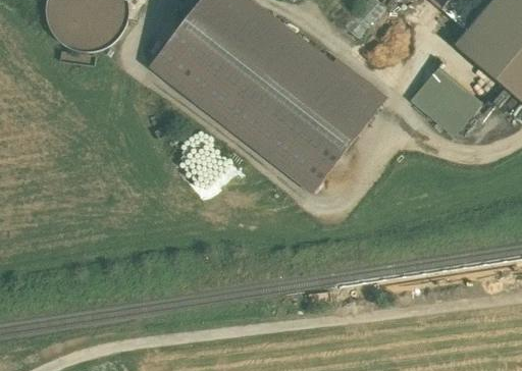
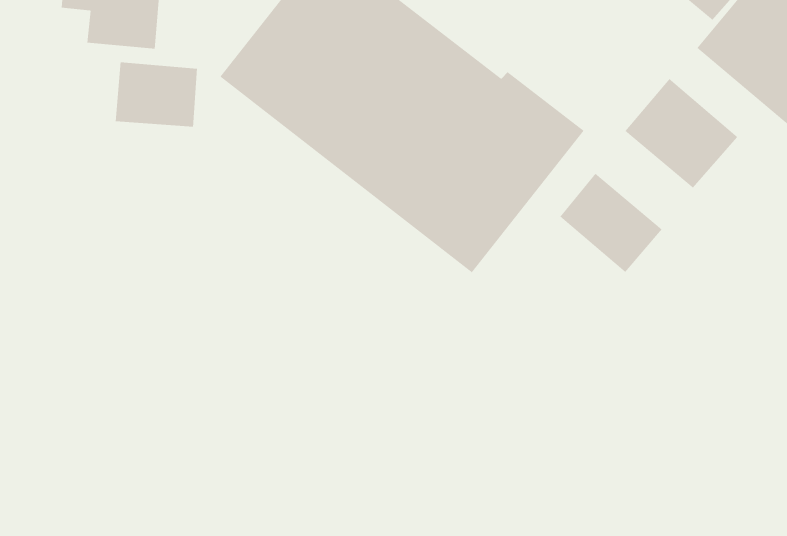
building: none -> [115,61,197,128]
building: none -> [560,173,663,273]

